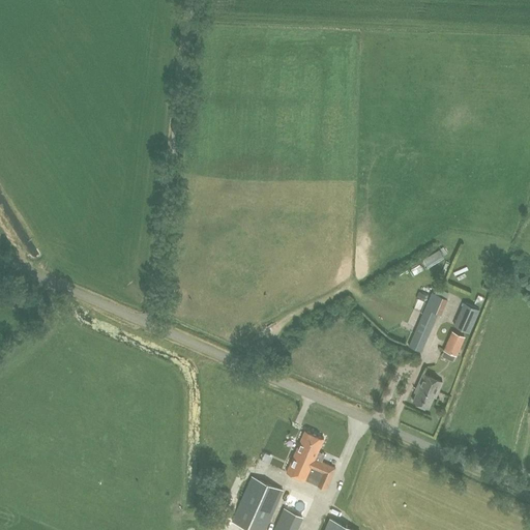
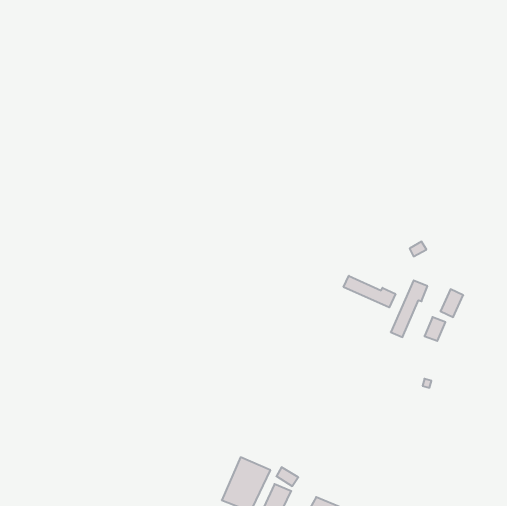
building: none -> [344,276,395,307]
building: [412,375,441,409] -> none
building: [285,432,334,491] -> none

